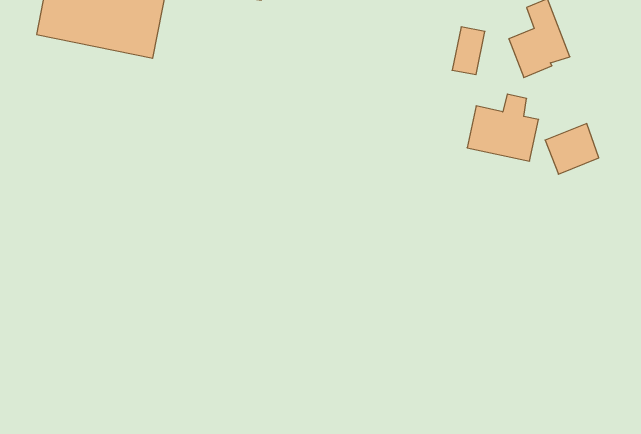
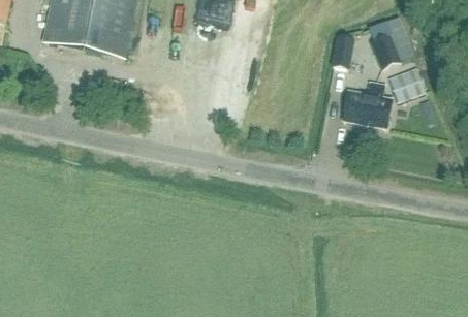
building: [545,124,599,174] -> [388,64,426,99]

